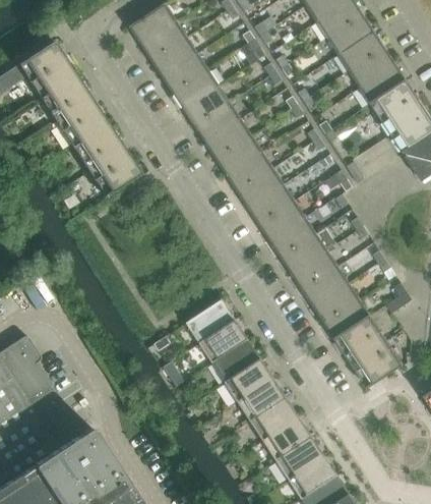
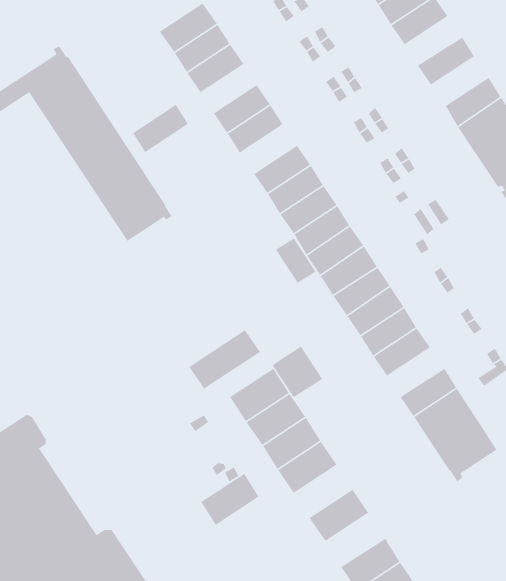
building: [327,15,374,55] -> none
building: [349,48,395,88] -> none
building: [163,54,208,94] -> [132,104,189,153]
building: [194,103,241,143] -> none
building: none -> [275,237,317,284]
building: none -> [188,329,261,390]
building: none -> [271,346,323,398]
building: [313,283,360,323] -> none
building: [238,378,286,421] -> [200,473,260,526]
building: [263,416,312,460] -> none

